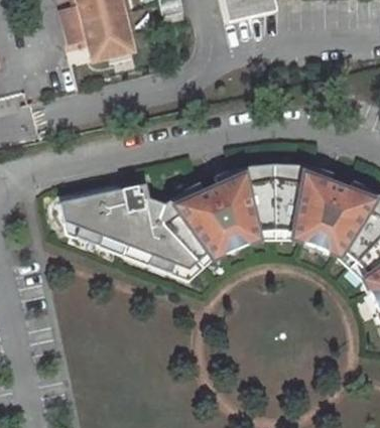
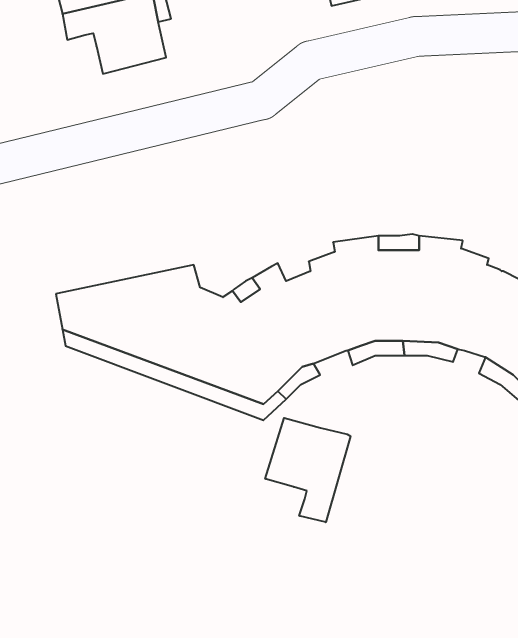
building: none -> [265,418,350,522]

